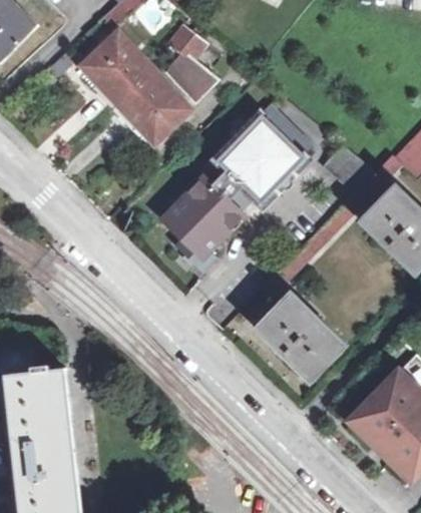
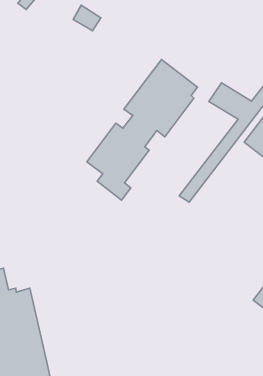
building: [82,35,189,144] -> none
building: [166,59,214,102] -> none
building: [256,295,344,383] -> none

